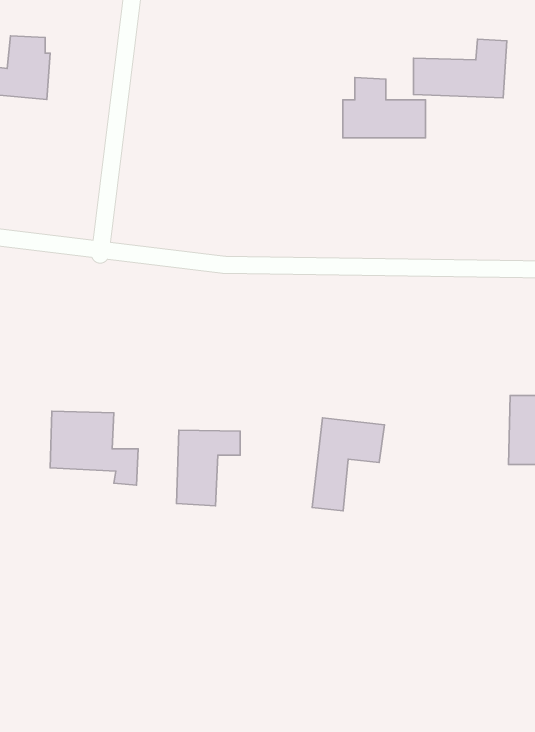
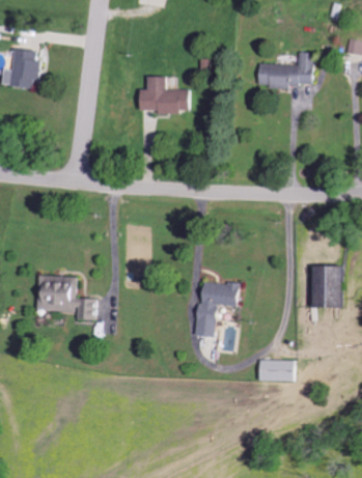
building: [343,78,425,138] -> [138,76,188,112]
building: [177,430,240,506] -> none
building: none -> [260,360,296,382]

